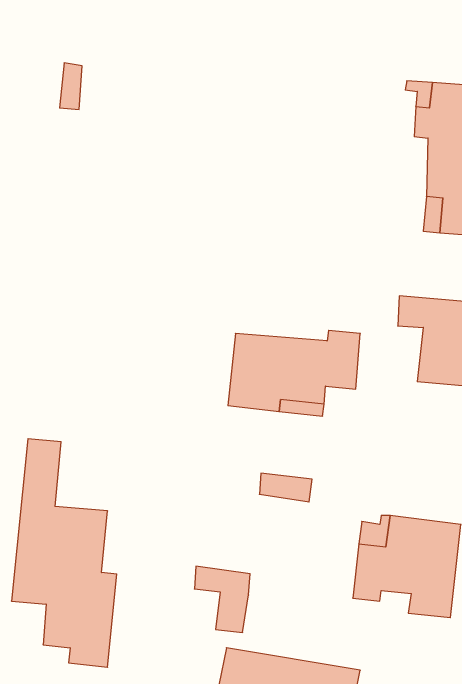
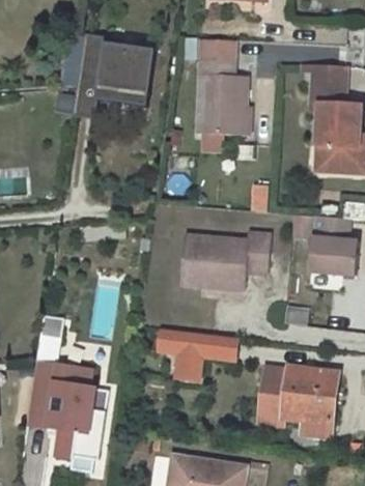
building: none -> [78,33,161,117]
building: none -> [191,39,241,138]
building: [194,566,250,632] -> [163,331,201,376]

